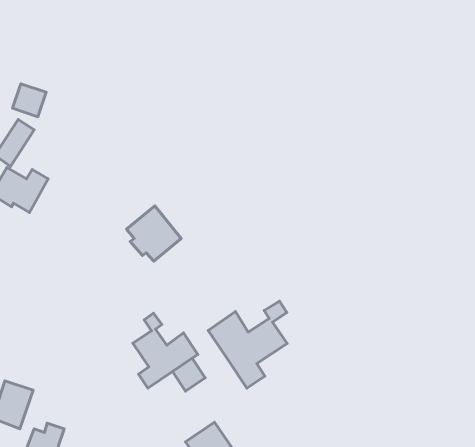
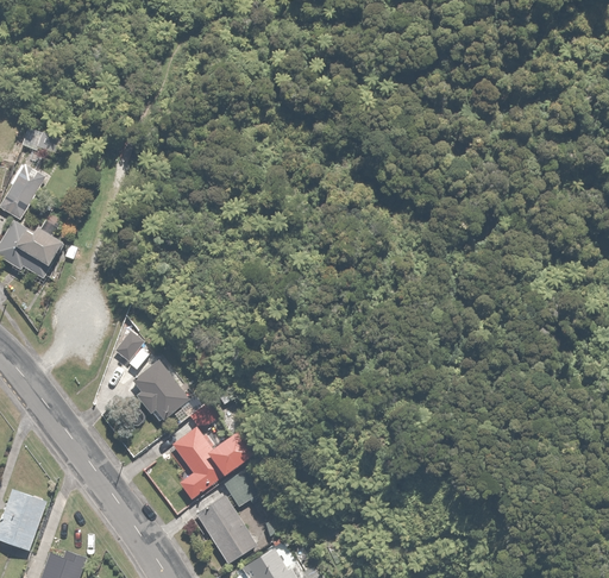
building: [127,206,181,261] -> [130,350,199,420]
building: none -> [112,331,143,363]
building: [208,301,287,388] -> none
building: none -> [195,494,258,563]

